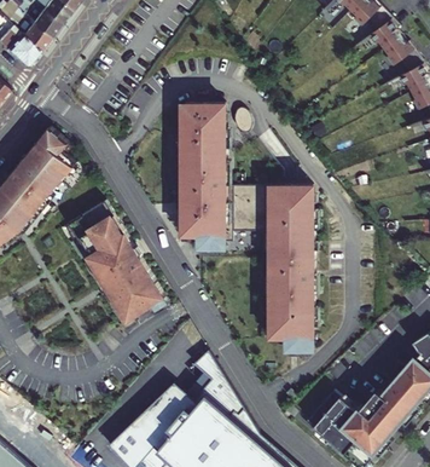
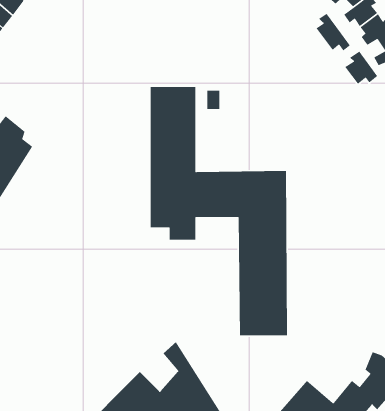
building: none -> [316,13,351,52]
building: none -> [344,51,378,85]
building: [66,201,165,321] -> none

